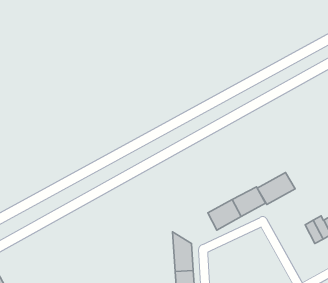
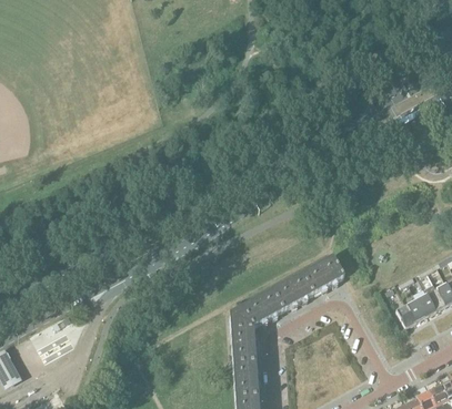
building: [257,173,295,205] -> none
building: none -> [230,288,284,326]

